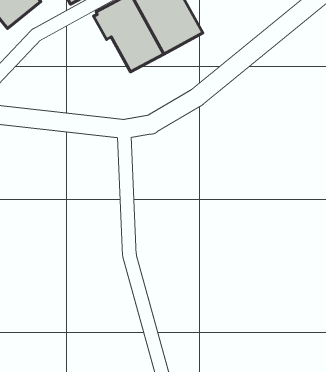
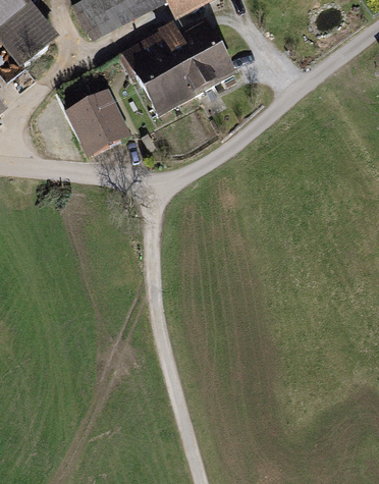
building: none -> [63,87,130,155]

